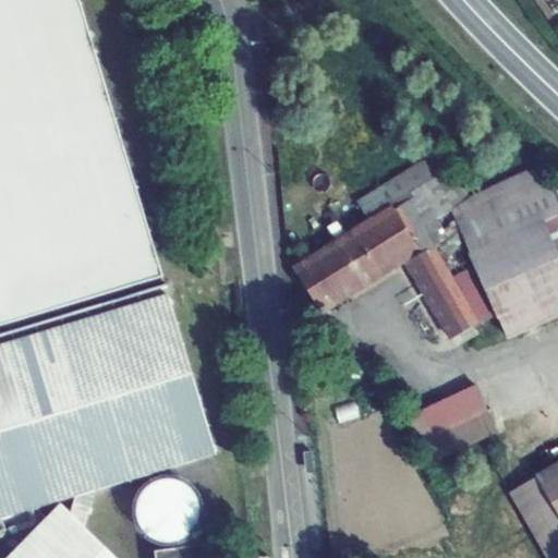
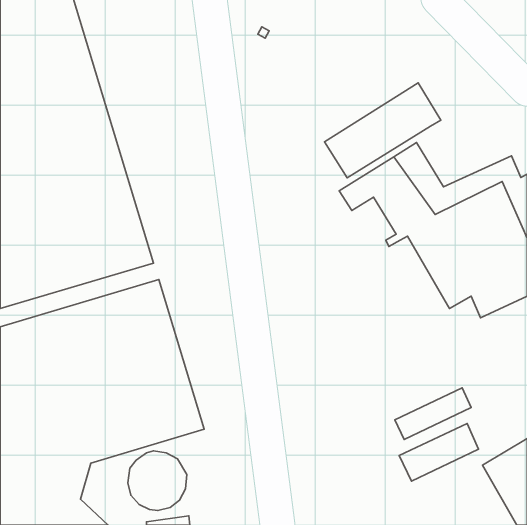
building: [295,208,418,308] -> [324,83,441,178]
building: [408,250,473,337] -> none
building: [404,383,488,444] -> [399,423,479,481]

